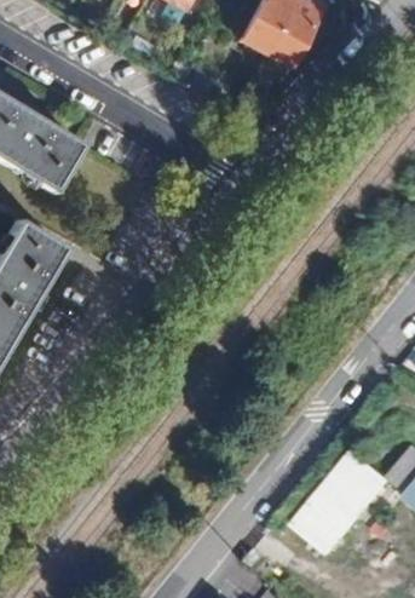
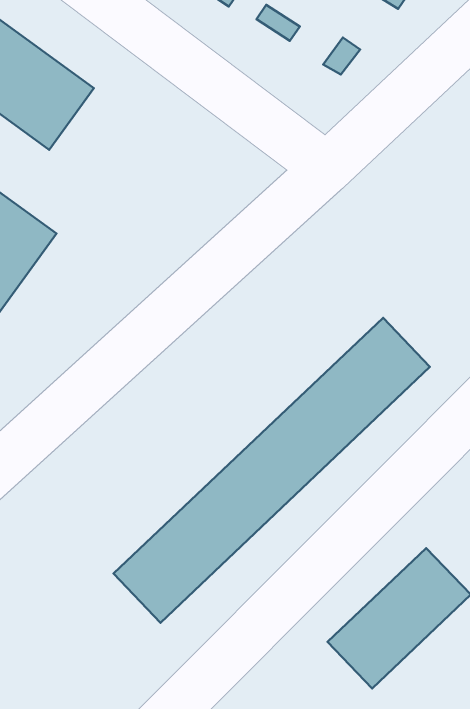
building: none -> [114,318,430,623]

